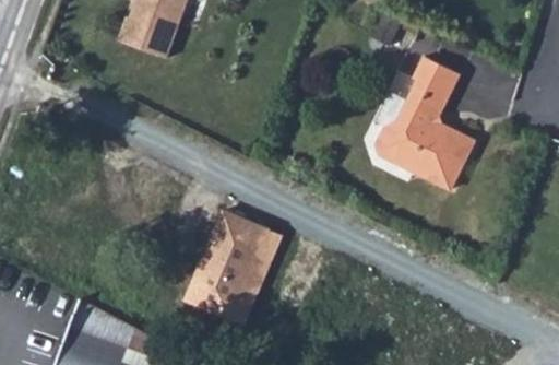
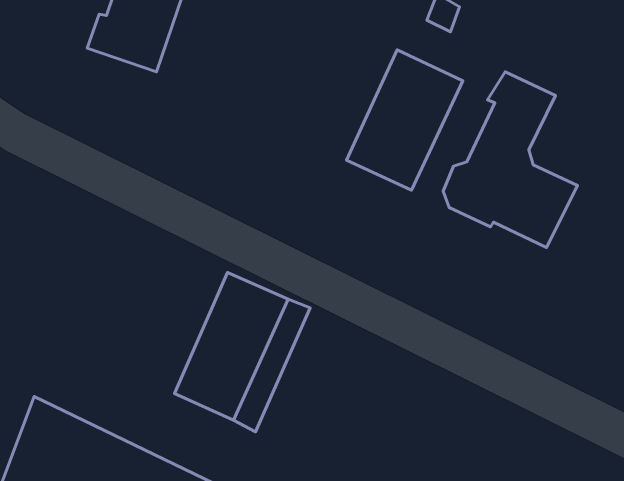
building: none -> [347,50,463,190]

